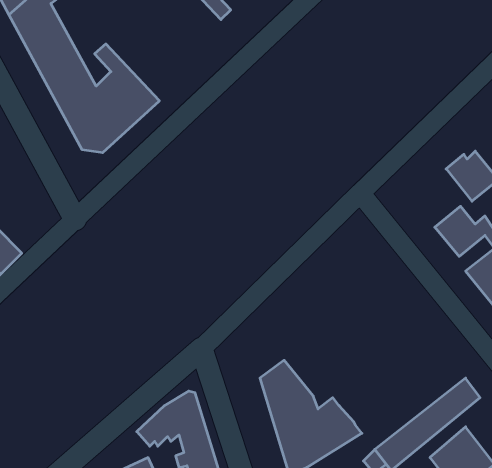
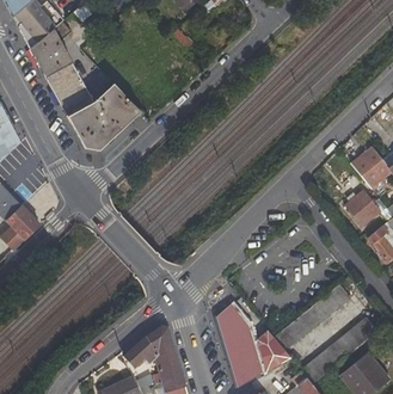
building: none -> [274,284,350,351]

